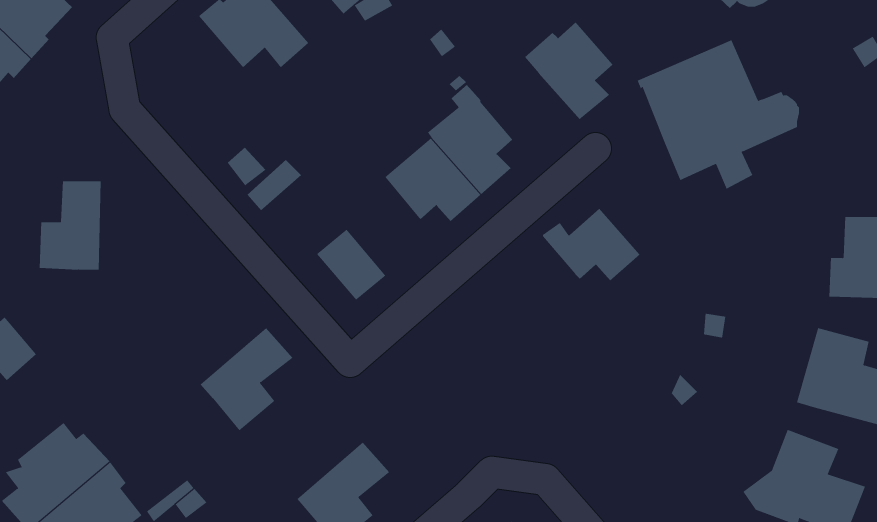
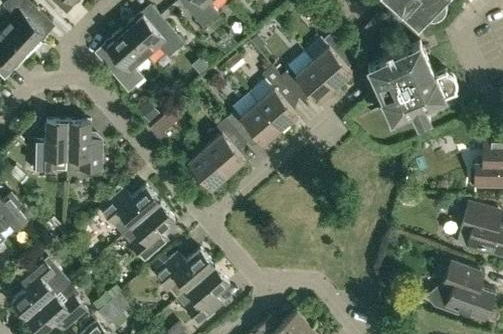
building: none -> [96,29,147,92]
building: none -> [205,119,246,174]
building: none -> [67,121,102,171]
building: [542,208,641,281] -> [280,61,335,102]
building: none -> [100,186,160,235]
building: none -> [155,250,214,299]

